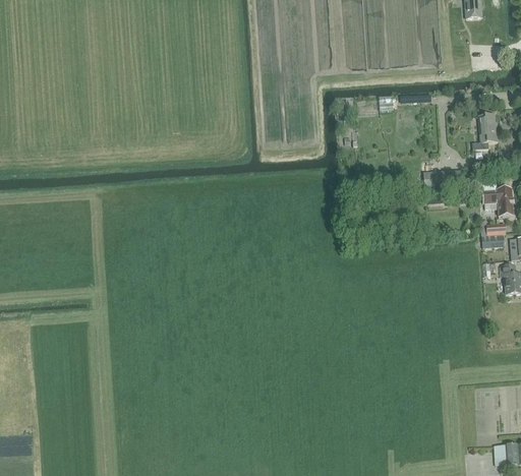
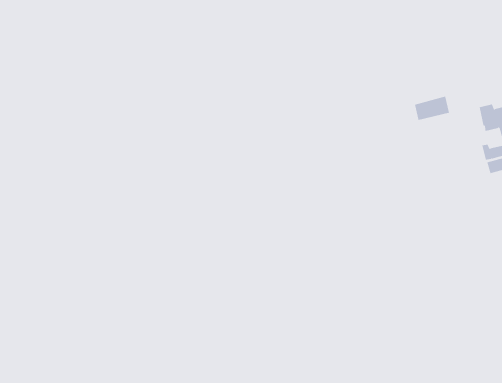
building: [472,115,498,150] -> none

